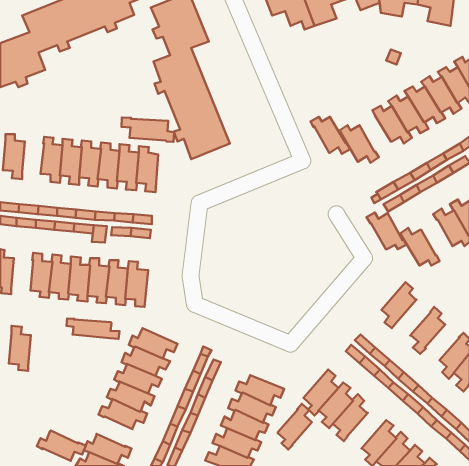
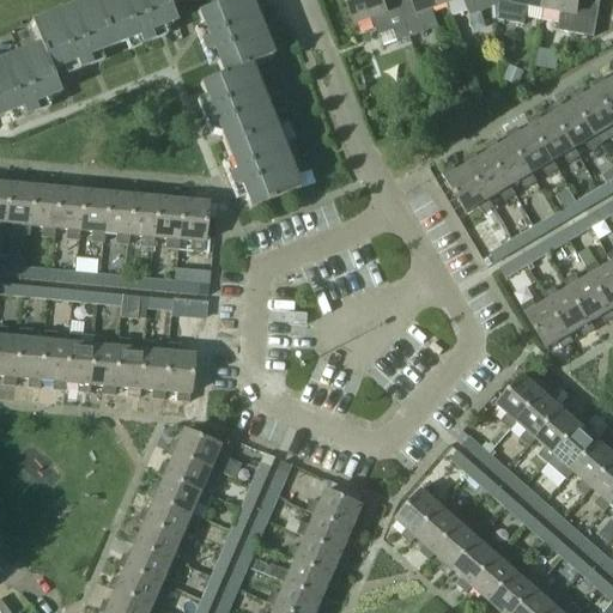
building: [311,117,350,154] -> [465,151,516,199]
building: [121,117,174,142] -> none
building: none -> [30,176,59,236]
building: [367,213,406,249] -> [544,285,595,333]
building: none -> [517,384,562,444]
building: [66,319,119,339] -> none
building: none -> [554,417,600,477]
building: [9,326,31,371] -> [16,327,44,386]
building: [278,404,312,450] -> [454,530,498,590]
building: [37,431,86,461] -> [120,542,183,582]

